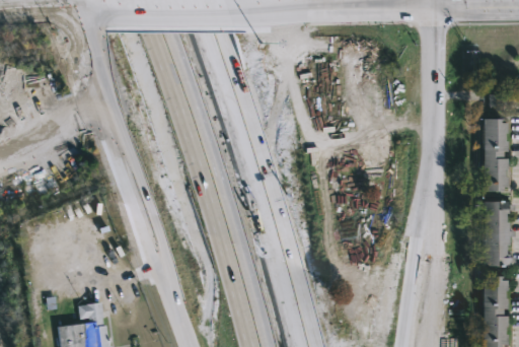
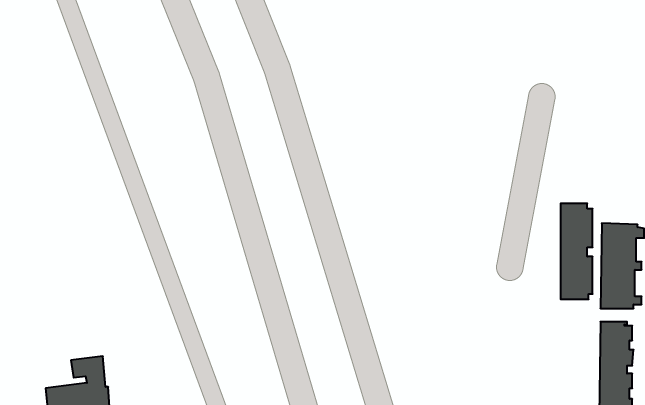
building: [485,120,509,193] -> [561,203,593,299]

